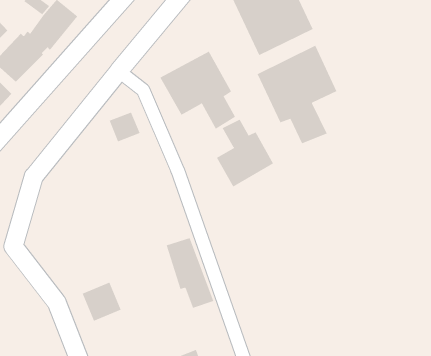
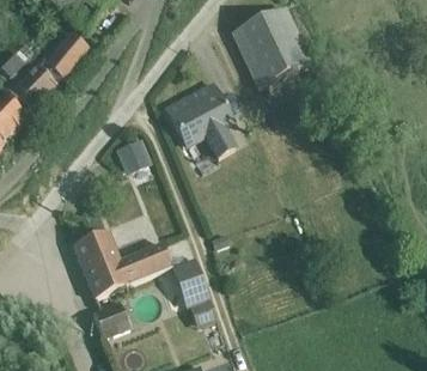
building: [257,45,337,144] -> none
building: [216,119,274,188] -> none
building: none -> [72,229,171,297]

